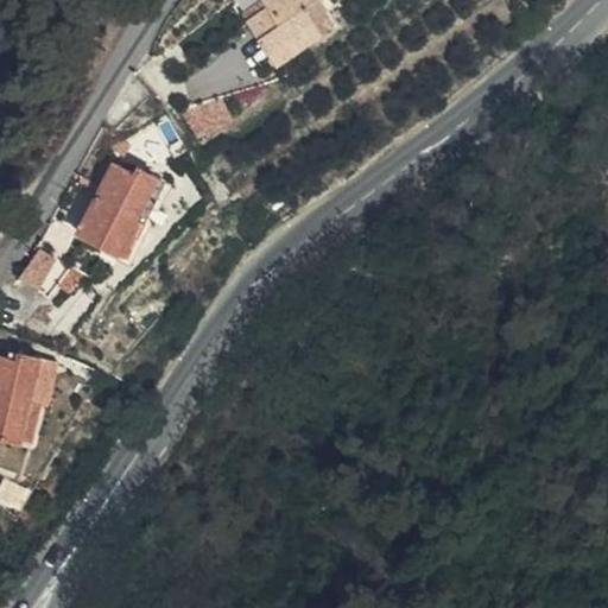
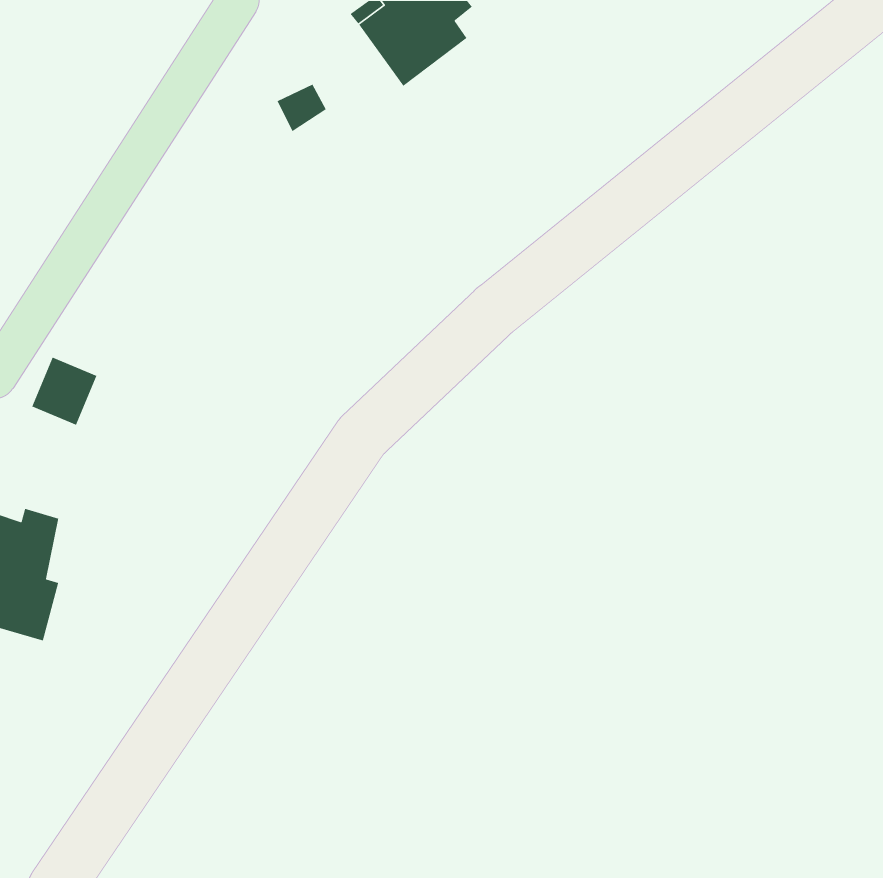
building: [78,164,153,259] -> none

